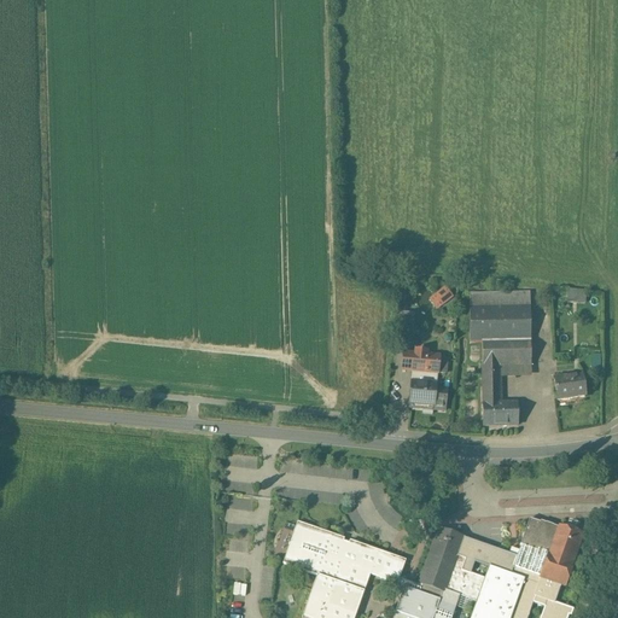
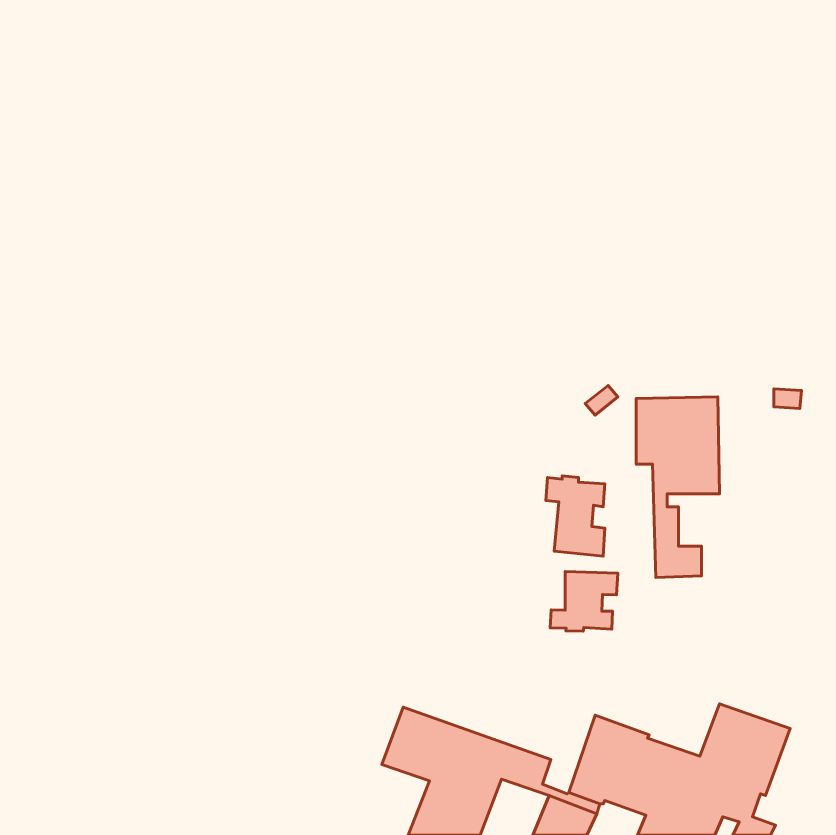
building: [554,374,587,400] -> none
building: none -> [550,572,618,631]

